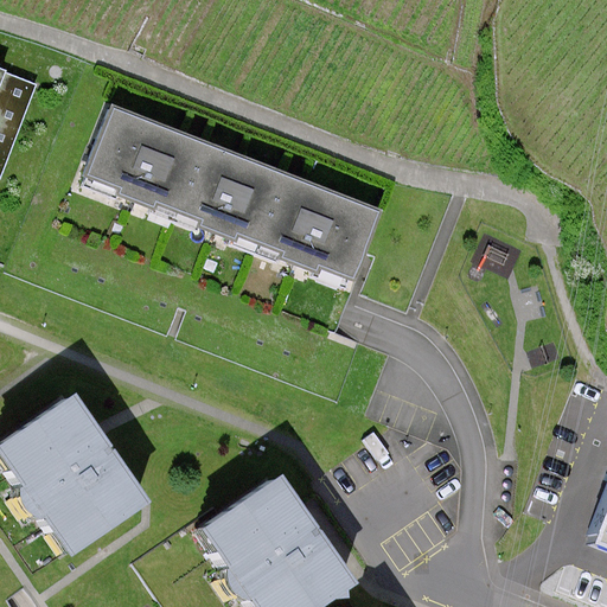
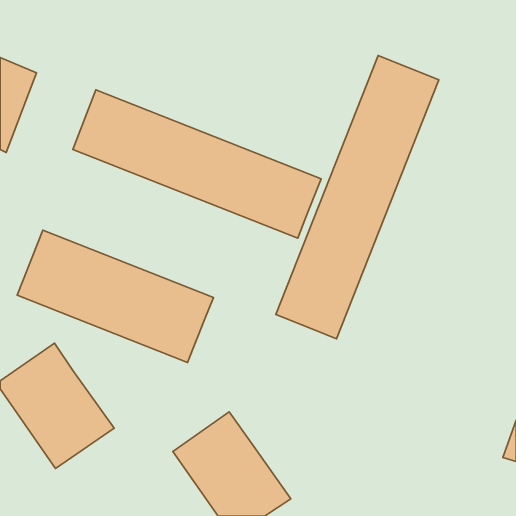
building: none -> [276,56,439,339]
building: none -> [17,230,213,362]

